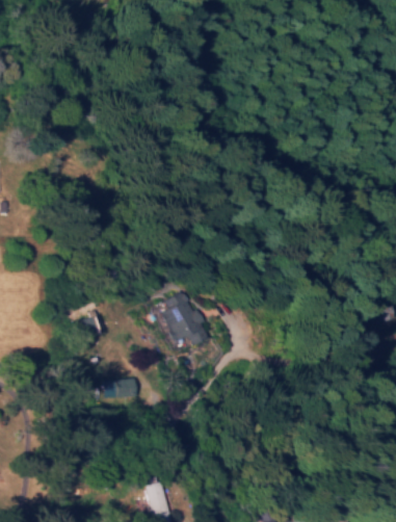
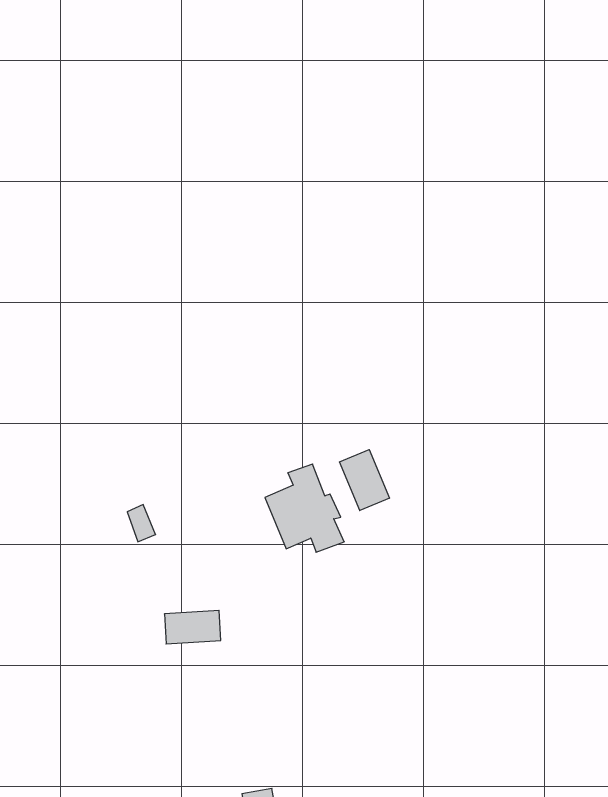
building: none -> [340,450,389,511]

